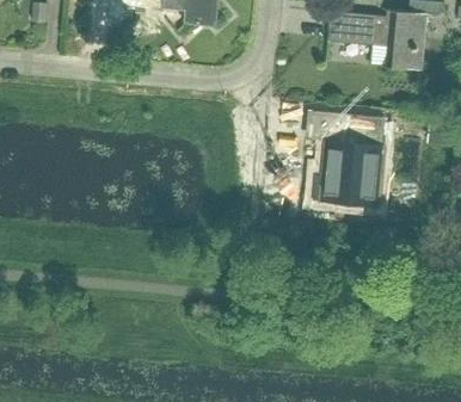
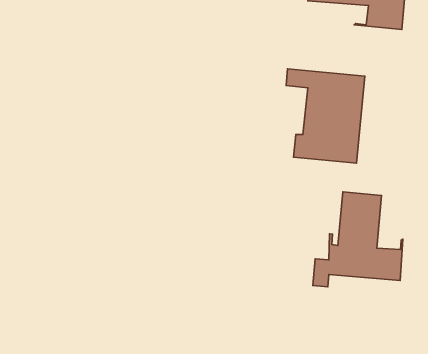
building: none -> [313,192,403,287]

